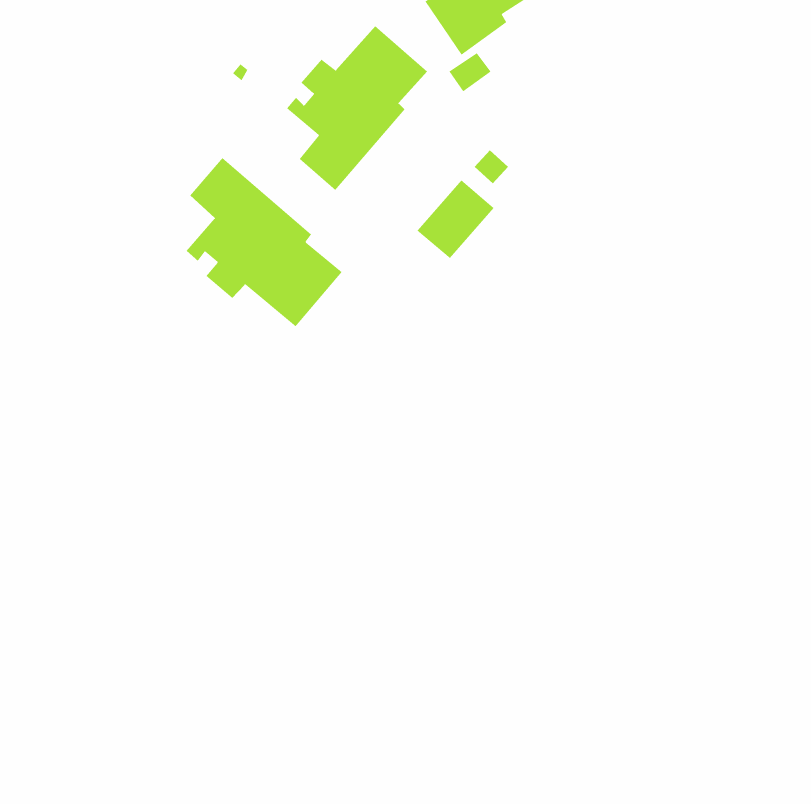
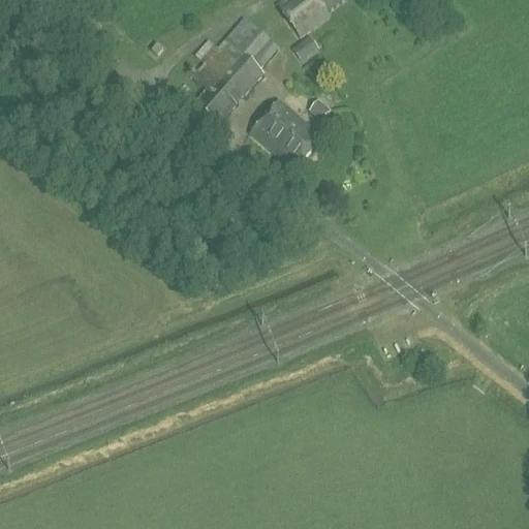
building: none -> [249,98,300,150]
building: [186,157,343,327] -> none

